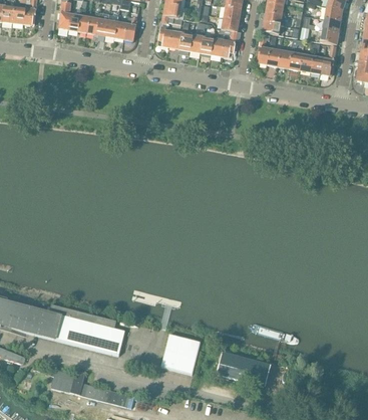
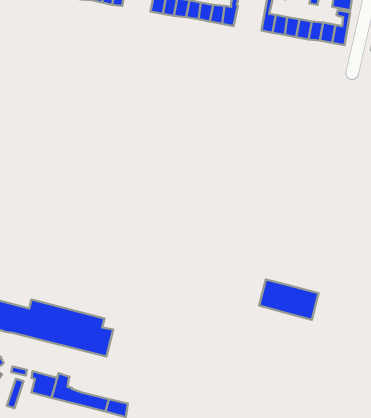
building: [160,334,200,374] -> none
building: [217,350,270,386] -> [259,280,319,320]

